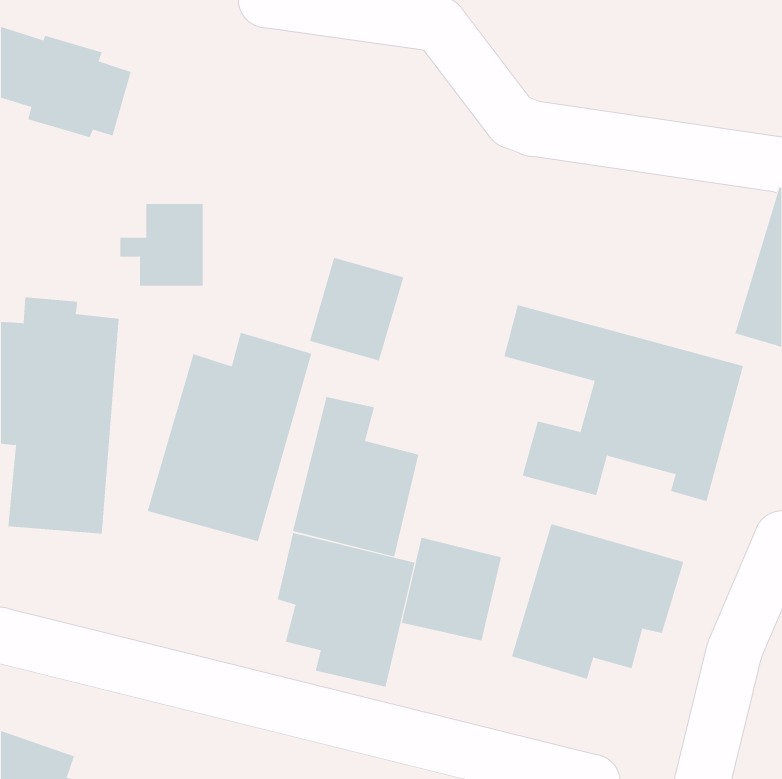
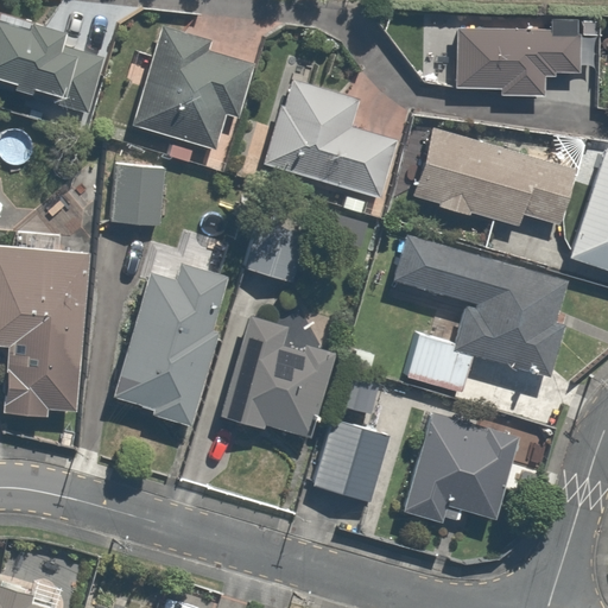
building: none -> [448,25,582,95]
building: none -> [131,33,256,142]
building: none -> [266,77,398,195]
building: none -> [414,134,571,228]
building: [277,532,415,687] -> none

